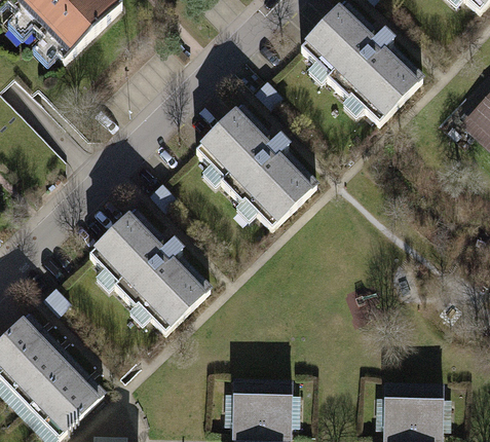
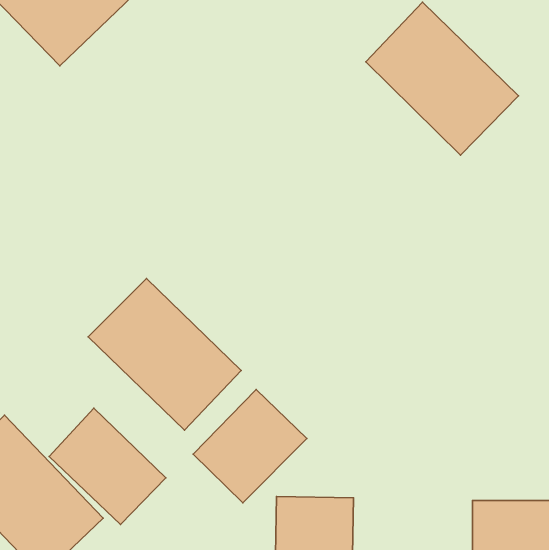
building: [199,106,315,222] -> none
building: none -> [193,389,307,503]
building: none -> [49,408,166,524]

